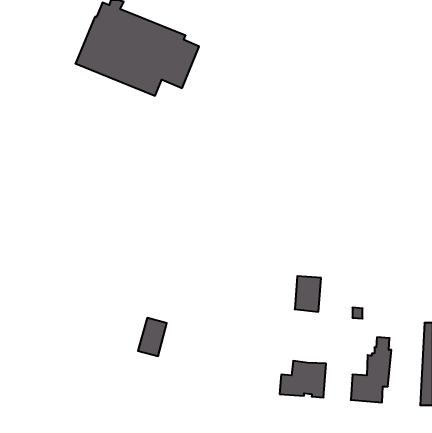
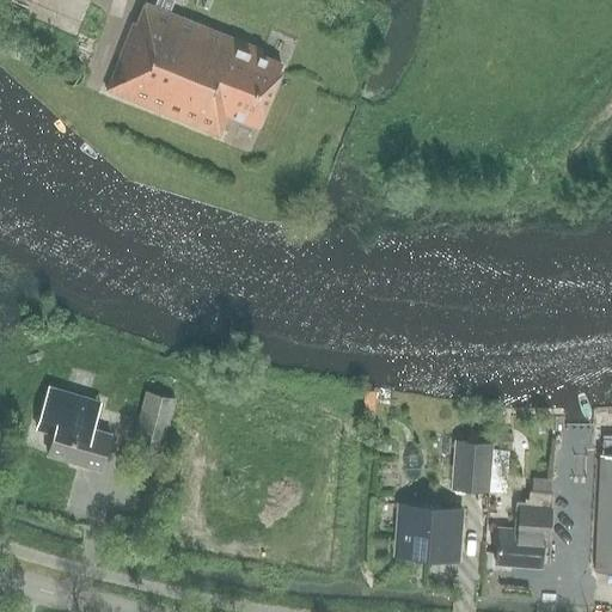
building: none -> [37,387,111,470]
building: [295,276,321,312] -> [454,441,491,491]
building: [138,318,167,356] -> [134,392,175,446]

